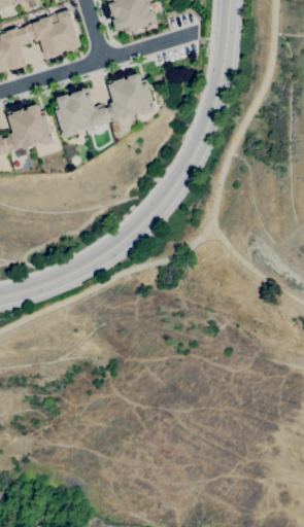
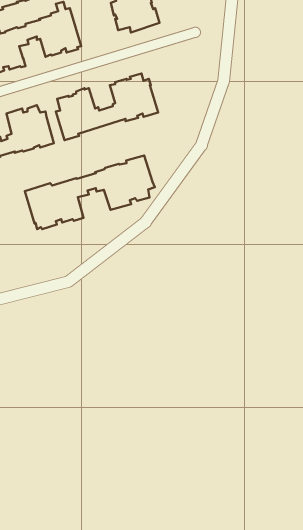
building: none -> [25,156,155,229]

